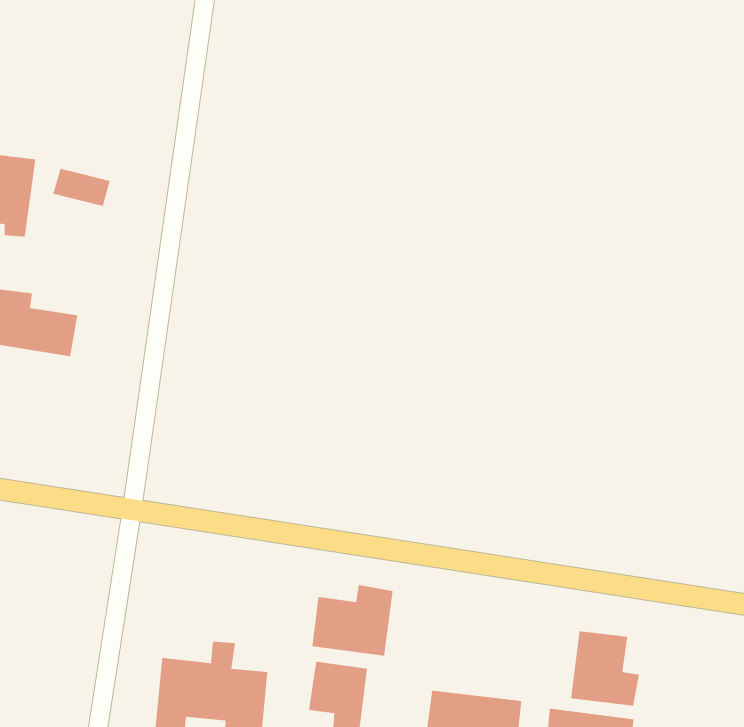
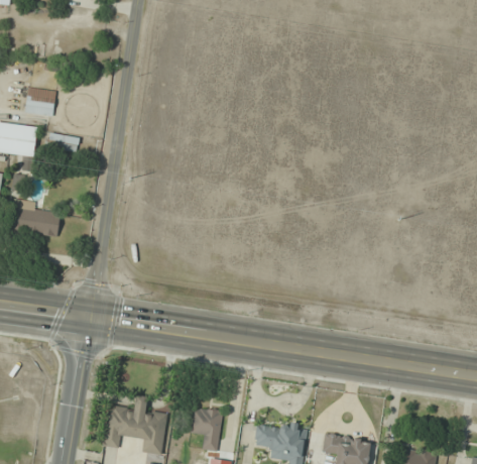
building: none -> [24,88,55,117]
building: [312,584,393,657] -> none
building: [571,630,640,707] -> none

